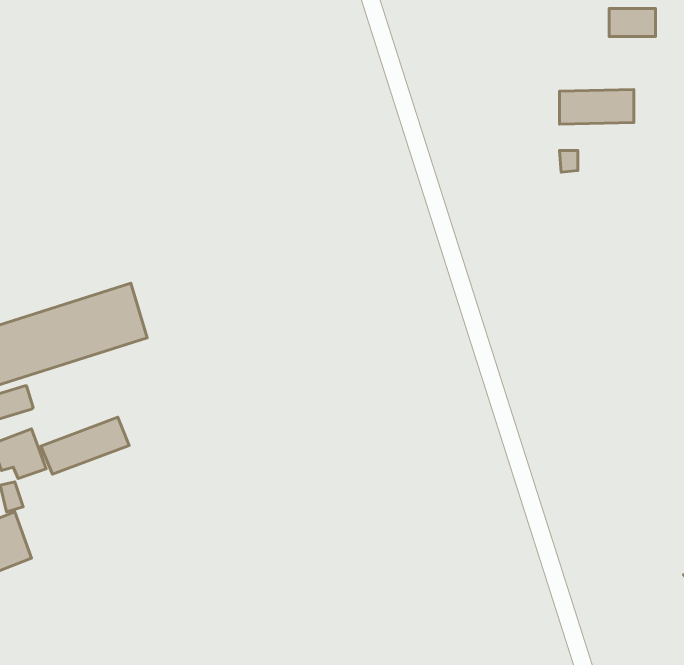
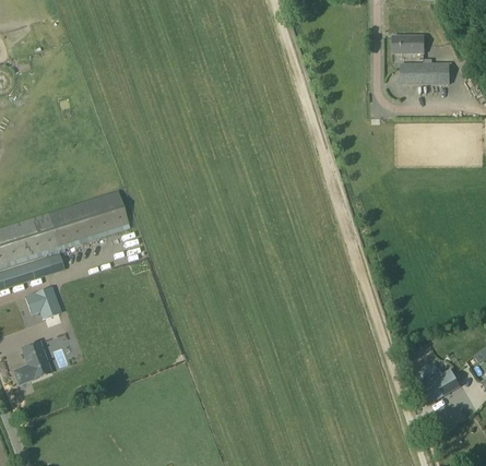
building: [609,8,656,37] -> [391,35,422,53]
building: [41,417,129,474] -> none
building: none -> [418,369,457,402]

